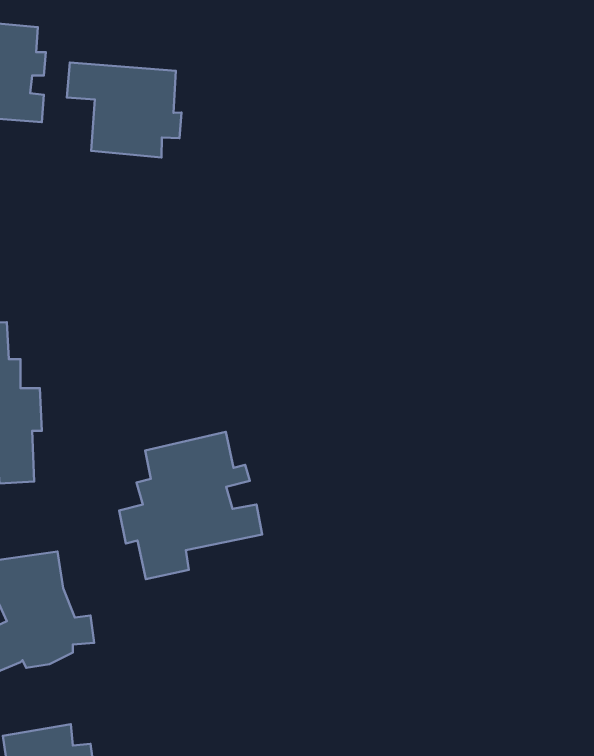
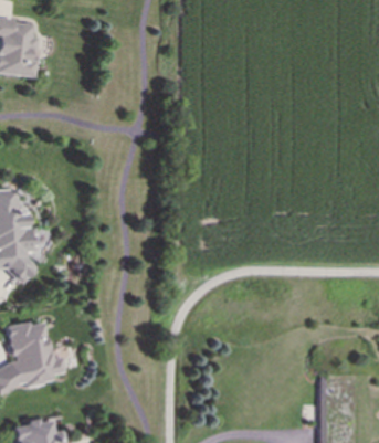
building: [67,62,181,158] -> none
building: [119,432,262,579] -> none

